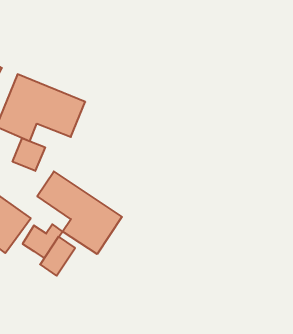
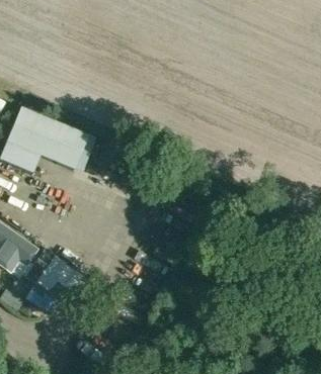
building: [13,138,45,171] -> none
building: [37,171,122,254] -> none

